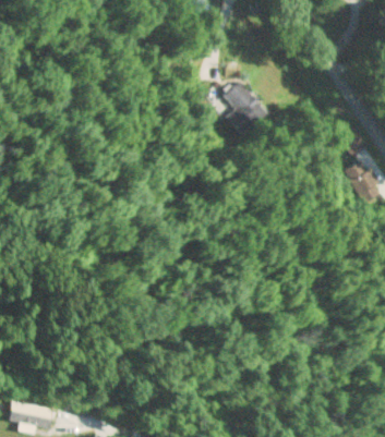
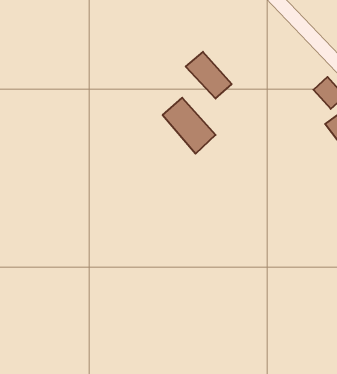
building: none -> [163,98,216,154]

